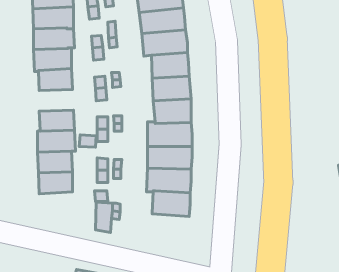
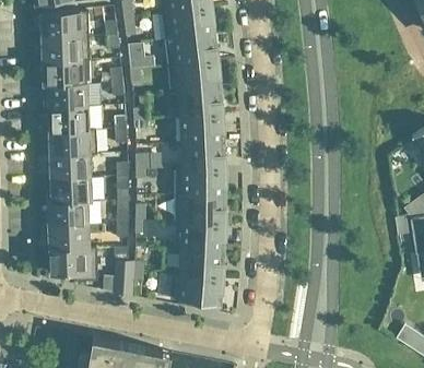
building: none -> [50,130,97,156]
building: none -> [50,248,98,282]
building: none -> [170,273,223,306]

